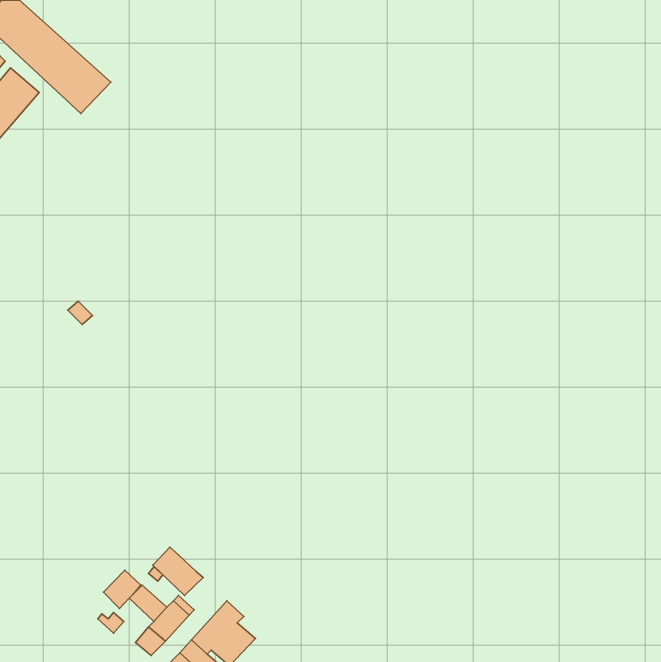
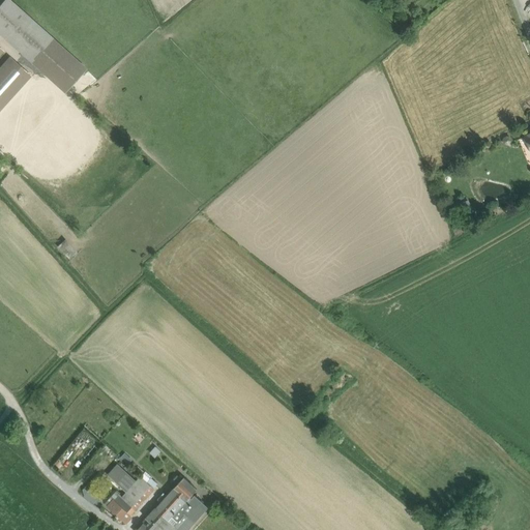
building: [153,547,203,595] -> none
building: [103,570,141,609] -> none

